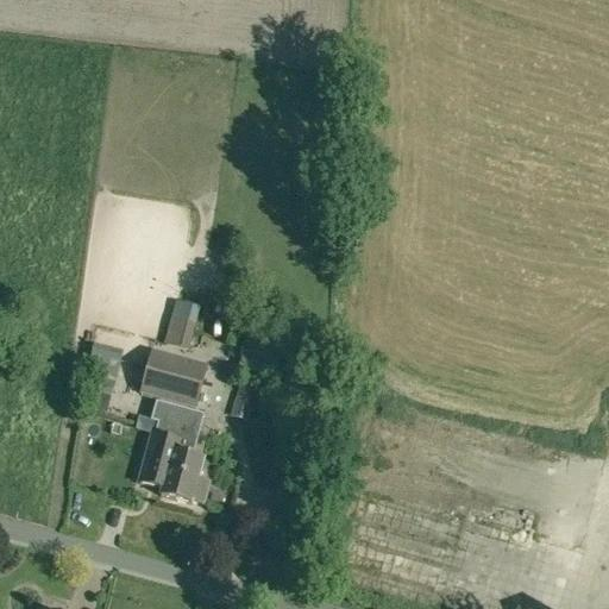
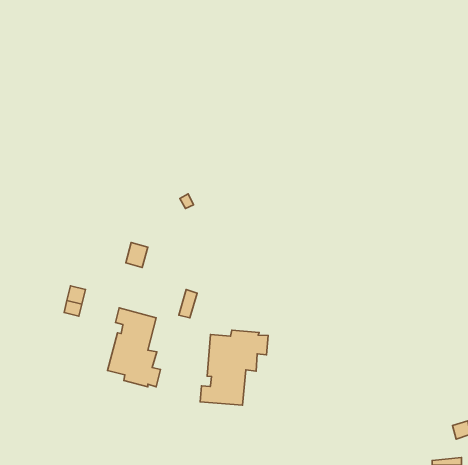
building: [140,349,206,404] -> none
building: none -> [200,330,268,405]

